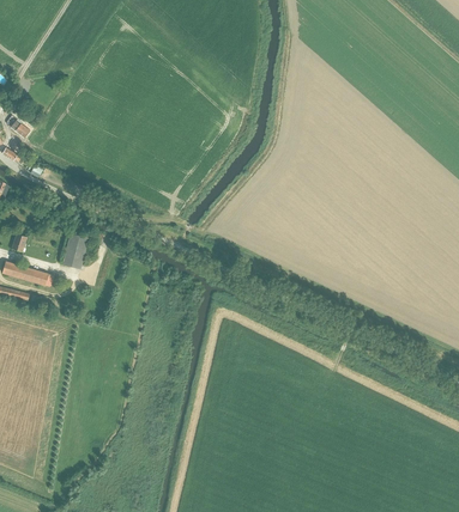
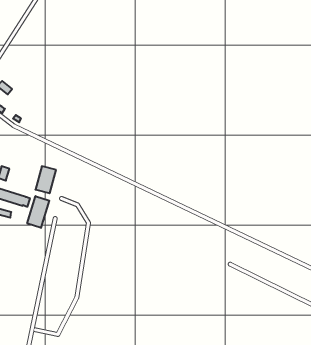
building: none -> [27,196,49,228]

